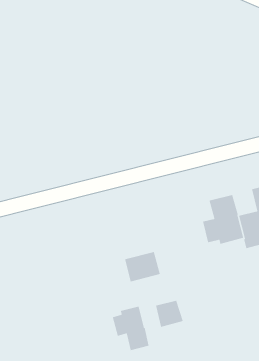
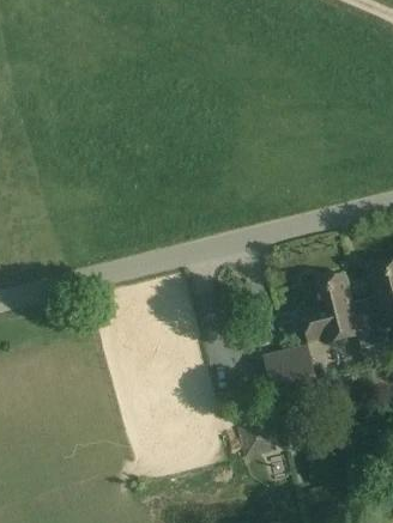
building: [124,251,161,282] -> [266,346,316,389]
building: [112,305,150,351] -> none

